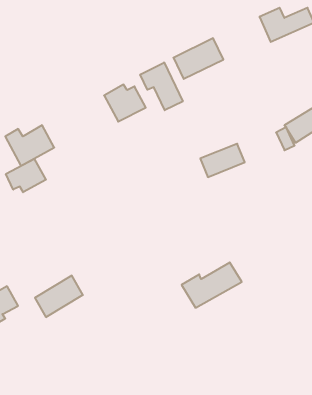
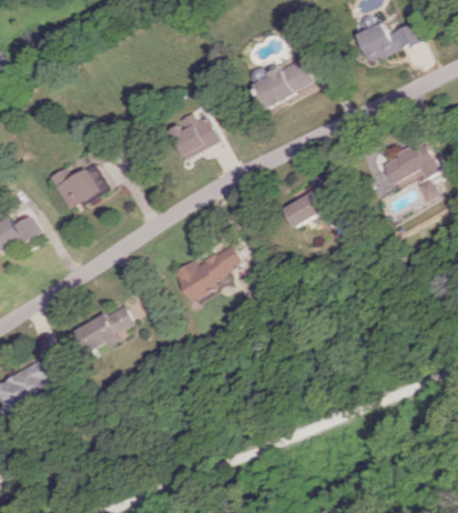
building: [140,62,183,110] -> none
building: [6,159,46,192] -> none
building: [182,262,242,308] -> [172,245,244,300]
building: [35,276,83,317] -> [77,303,134,353]

